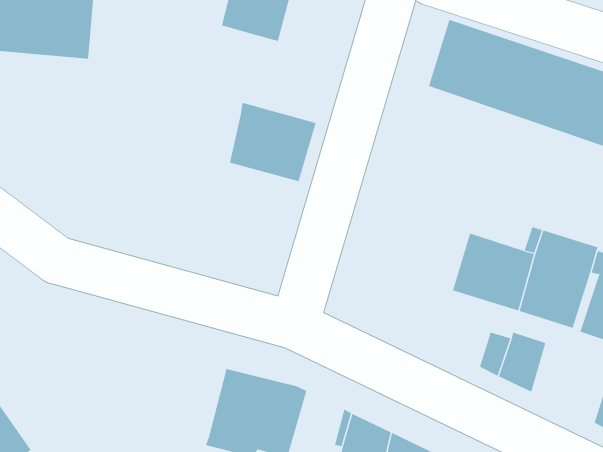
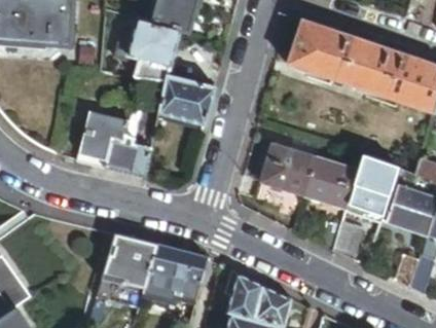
building: none -> [116,20,179,80]
building: none -> [80,111,151,177]
building: none -> [253,144,314,194]
building: none -> [104,235,156,289]

